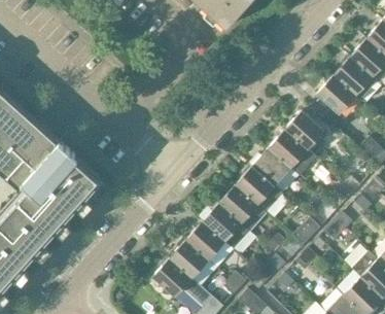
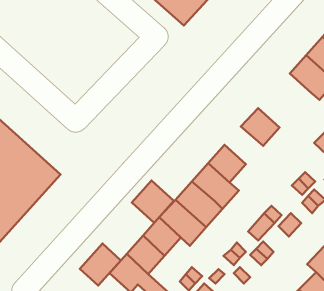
building: [315,77,354,115] -> none
building: [267,131,314,177] -> none
building: none -> [132,181,174,223]
building: none -> [80,244,121,286]

